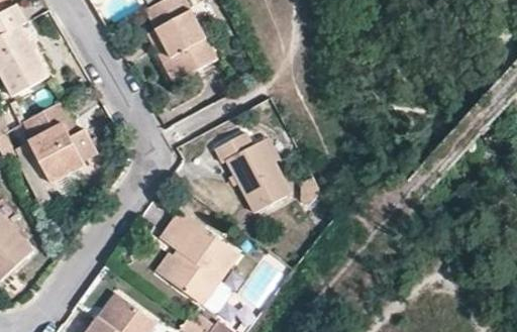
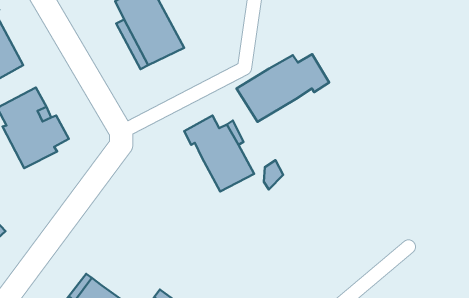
building: none -> [236,54,329,122]
building: [161,212,238,305] -> none

